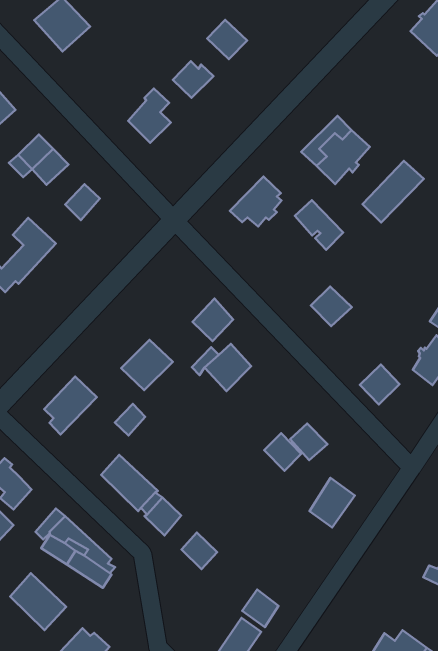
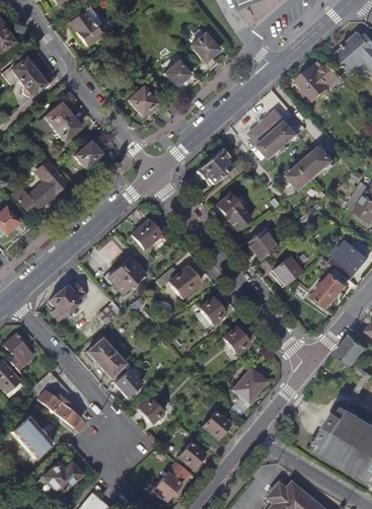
building: none -> [299,61,344,99]
building: [295,200,343,250] -> [217,194,250,230]
building: [192,299,233,341] -> [132,219,161,249]
building: [360,365,400,404] -> [274,257,302,285]
building: [264,433,301,471] -> [199,297,225,324]
building: none -> [202,413,230,441]

